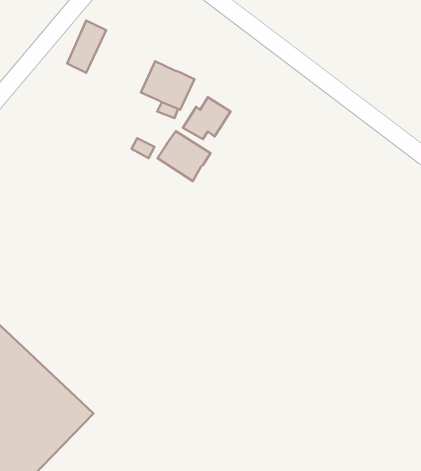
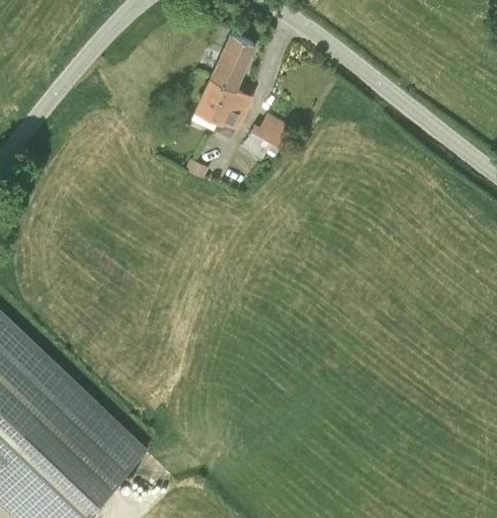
building: [67,21,106,73] -> [211,30,252,86]
building: [157,131,211,181] -> none

